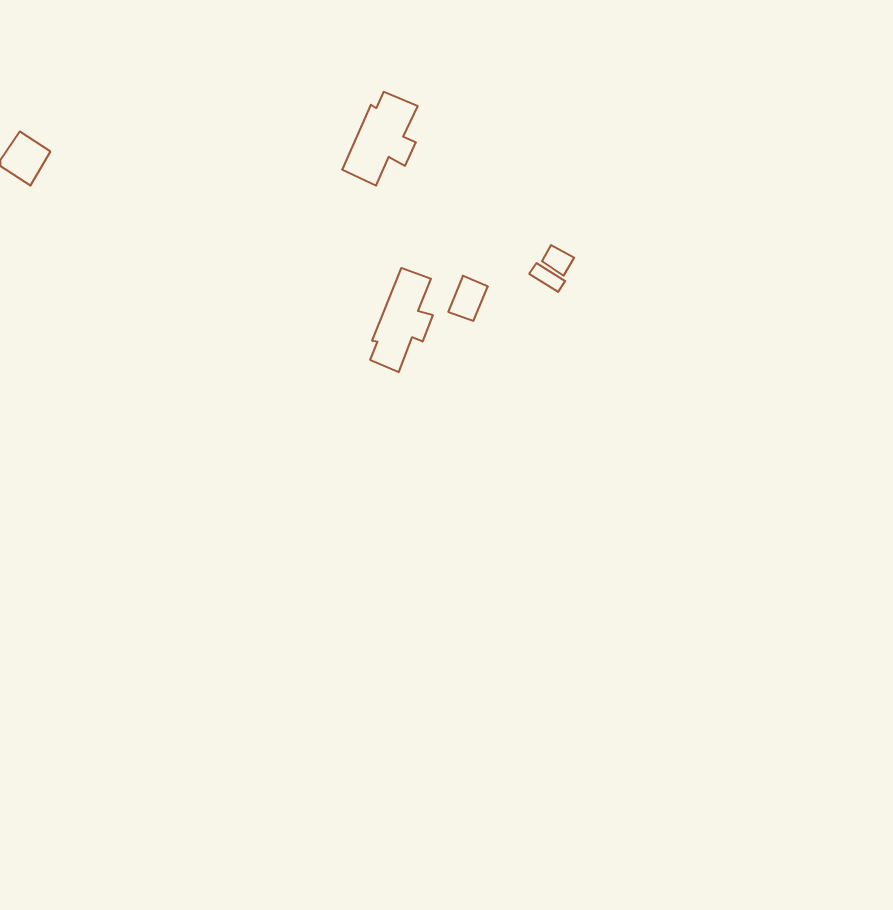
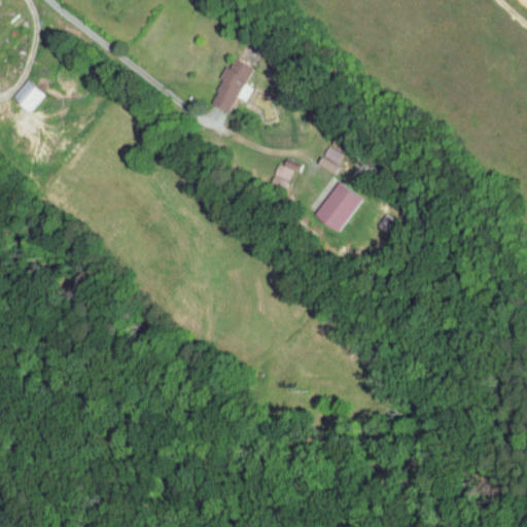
building: [370,268,433,372] -> none
building: none -> [316,183,360,232]

